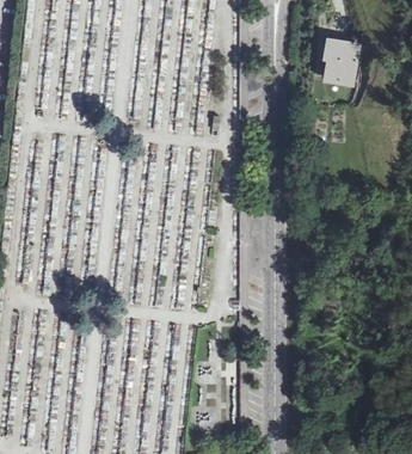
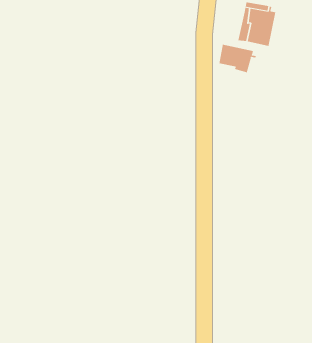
building: none -> [219,44,256,73]

